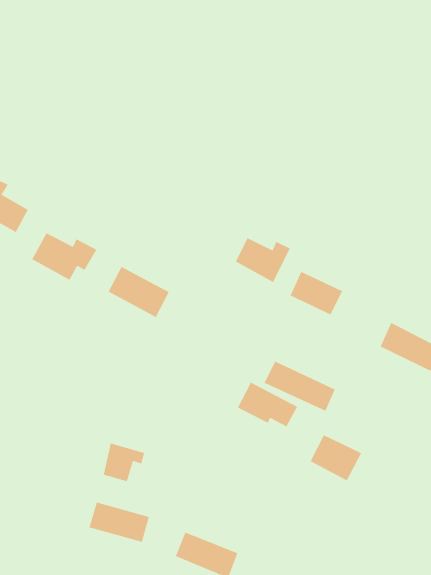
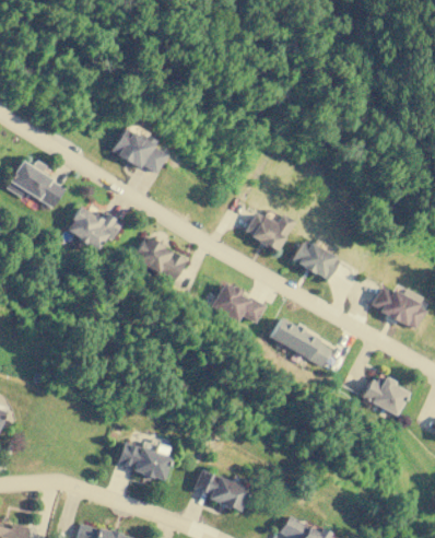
building: none -> [113,127,167,175]
building: [237,381,298,428] -> [212,283,266,324]
building: [310,434,362,482] -> [364,374,410,416]
building: [103,443,145,482] -> none

